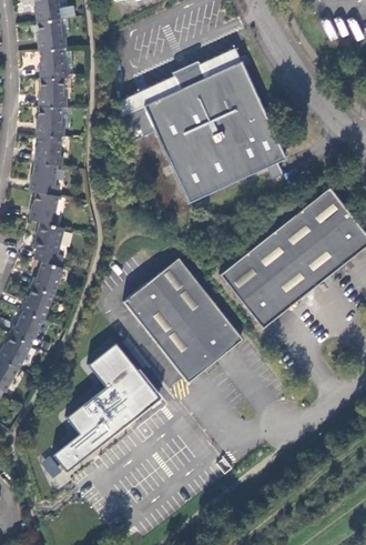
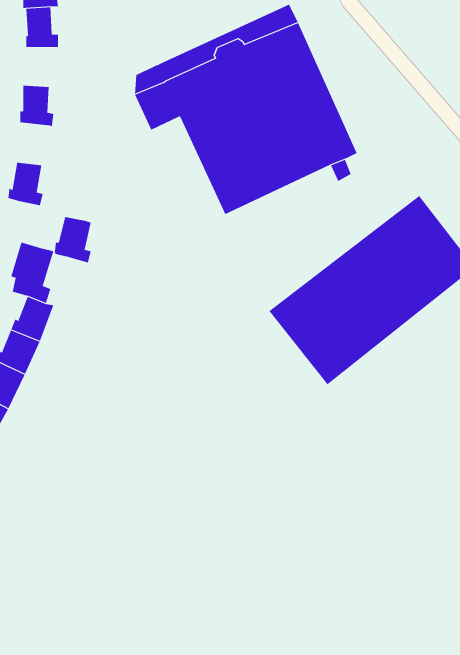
building: [40,78,67,107] -> none
building: [35,133,61,165] -> none
building: [29,191,57,225] -> [54,216,92,263]
building: [124,255,243,380] -> none
building: [54,341,161,470] -> none

